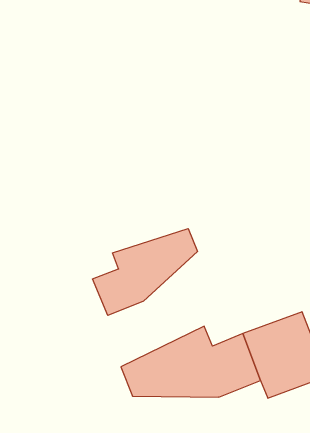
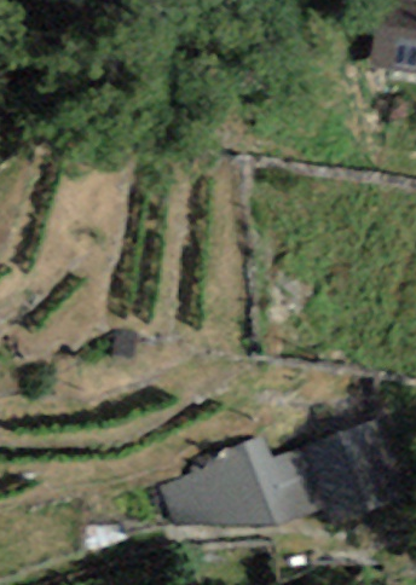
building: [92,229,197,315] -> none

